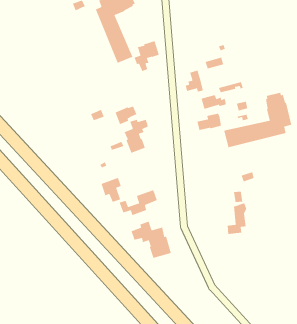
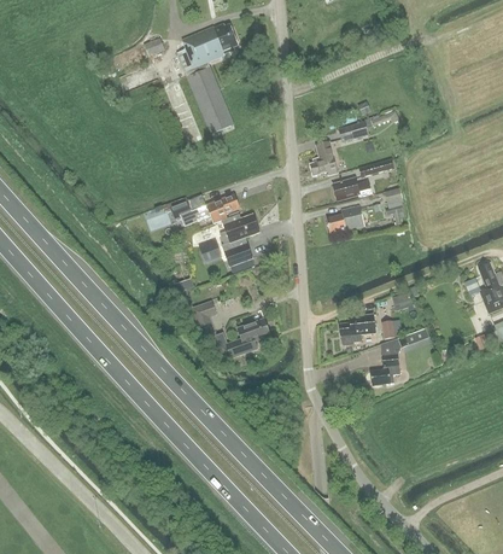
building: [133,40,160,72] -> none
building: [223,92,292,148] -> none
building: none -> [340,314,375,345]
building: [130,220,172,259] -> none

